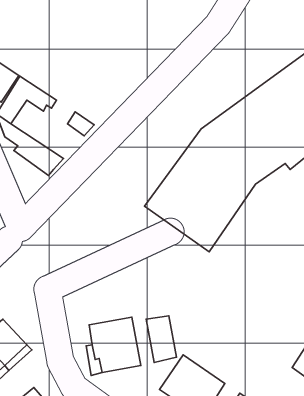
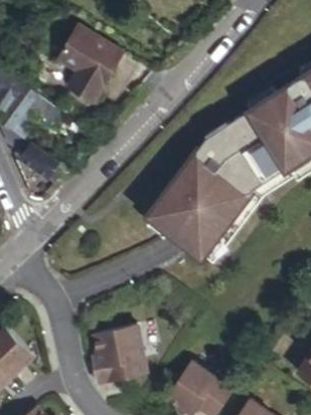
building: none -> [57,28,124,103]
building: [146,316,176,362] -> none

